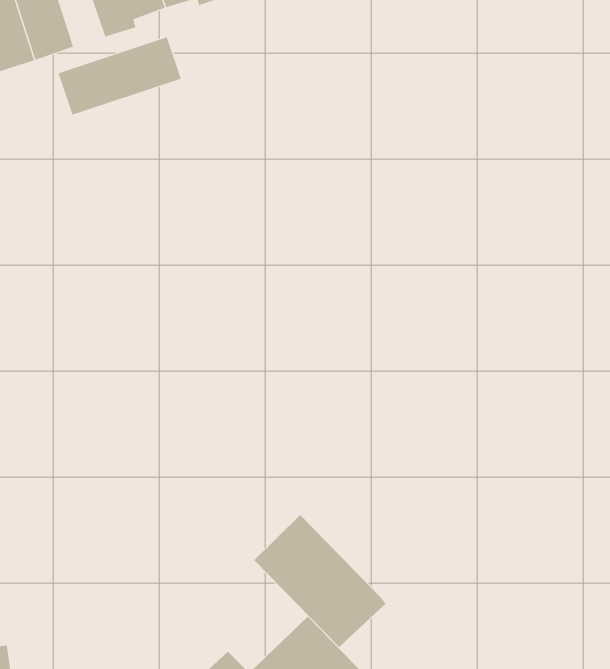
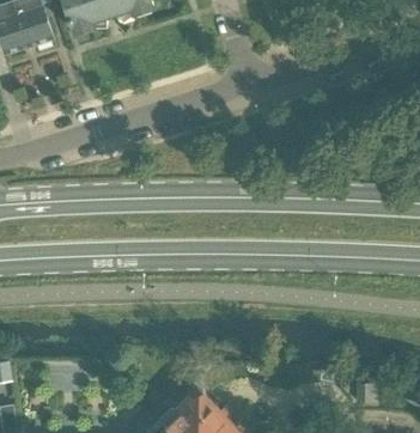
building: [58,36,181,116] -> none
building: [254,514,386,648] -> none

